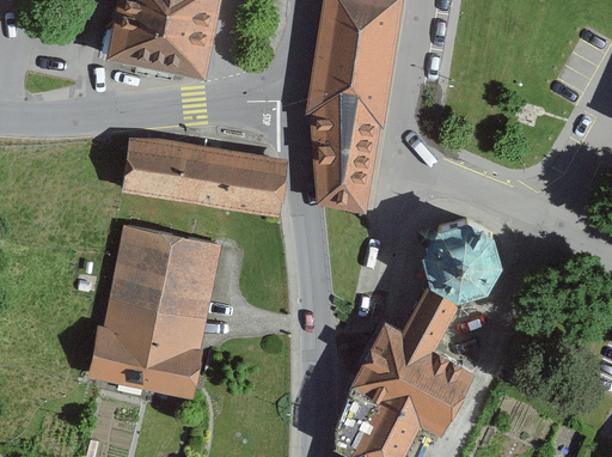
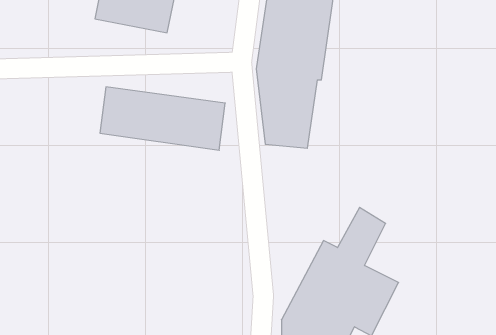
building: [424,223,508,300] -> none
building: [85,226,214,397] -> none

